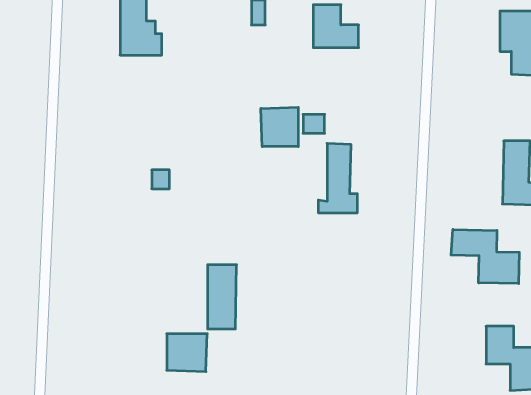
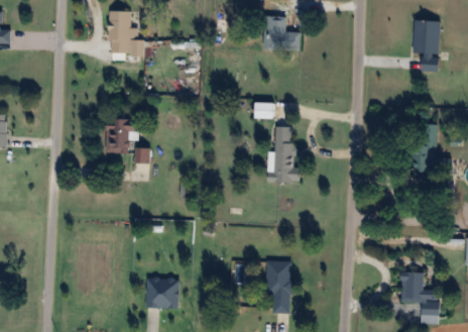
building: [261,107,298,147] -> none
building: none -> [105,118,136,153]
building: [451,229,519,284] -> none
building: [208,265,237,329] -> [268,261,291,313]

